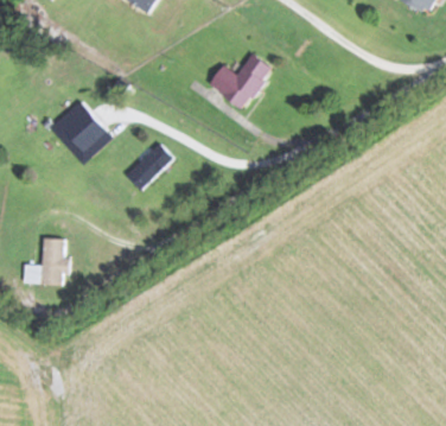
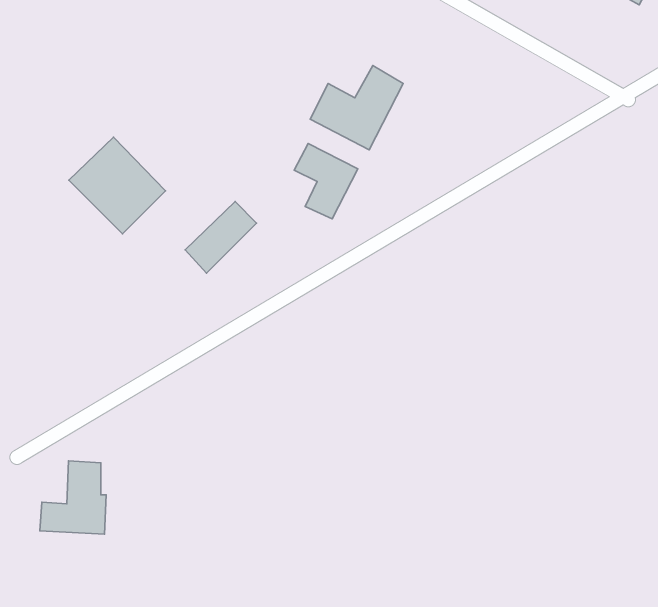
building: none -> [294,143,358,219]
building: [24,237,68,286] -> [40,461,106,534]

